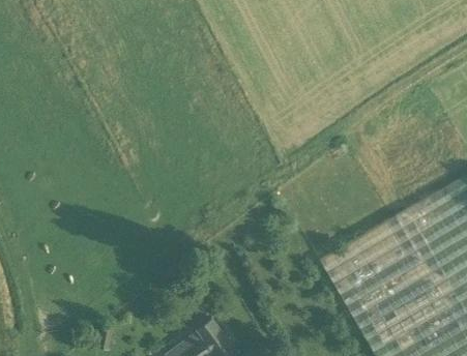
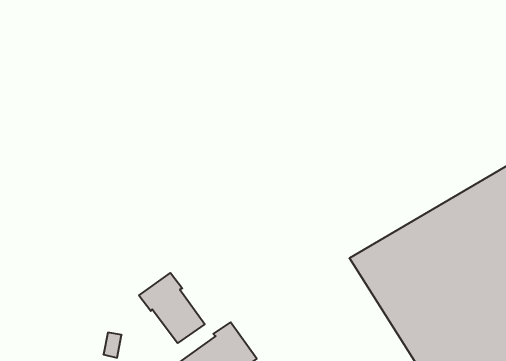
building: none -> [139,273,205,343]

